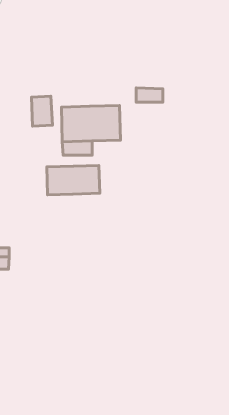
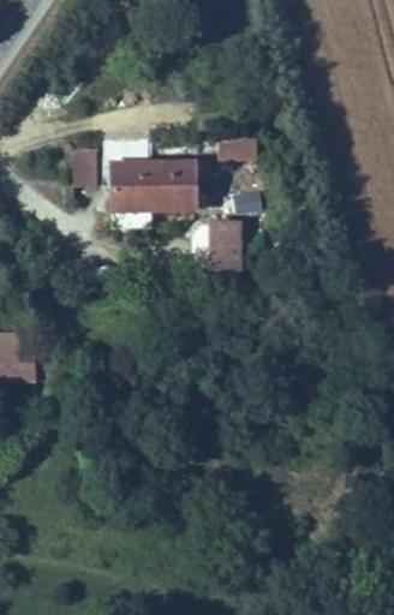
building: none -> [221,214,250,262]
building: [47,165,100,195] -> none

